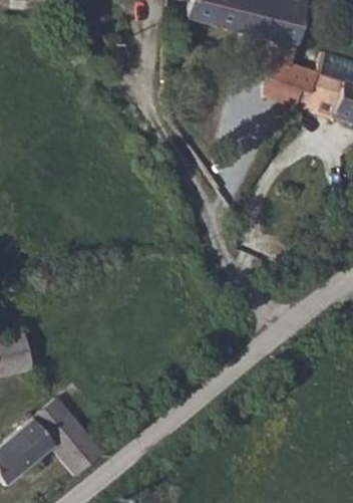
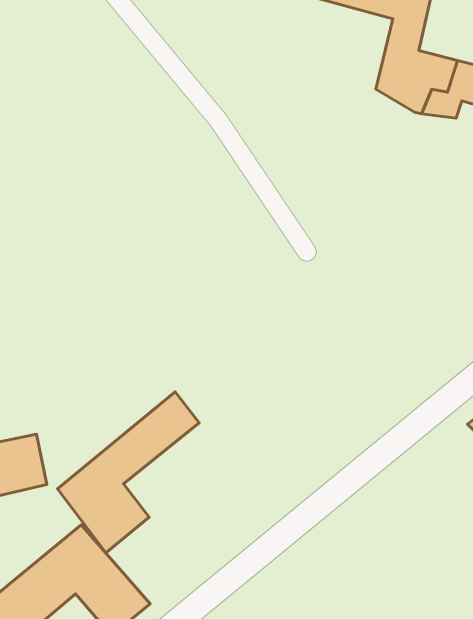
building: none -> [58,392,199,553]

